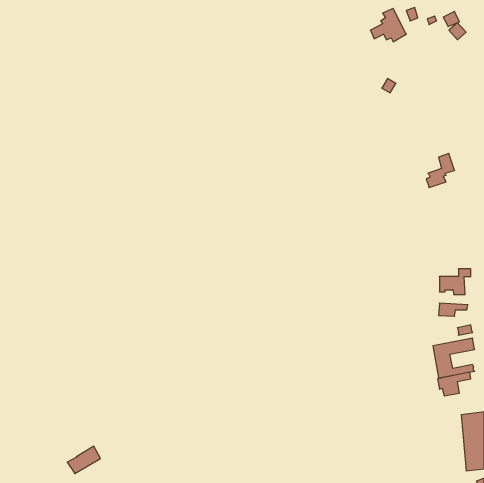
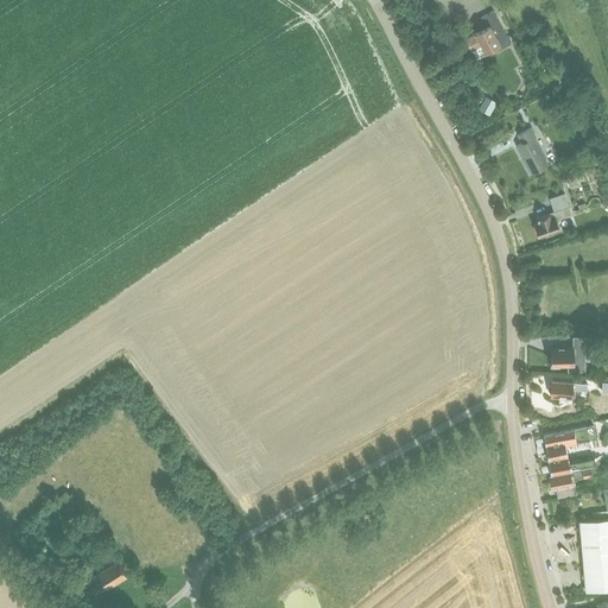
building: none -> [517,128,547,173]

